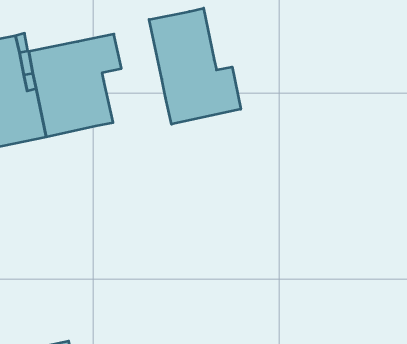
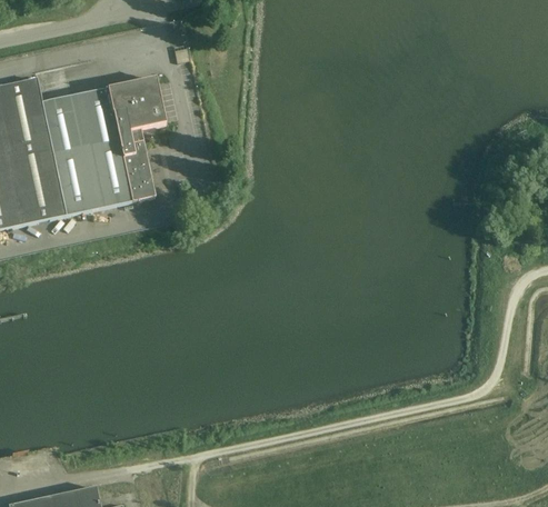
building: [149,8,241,124] -> none

